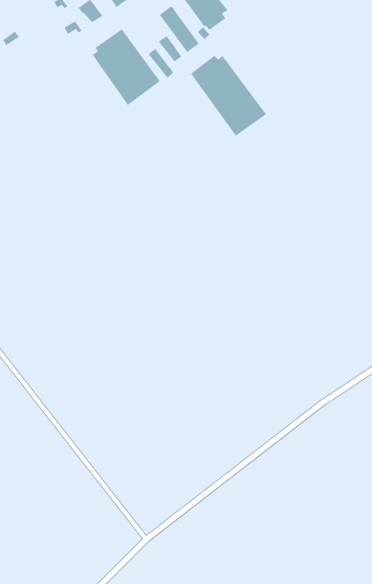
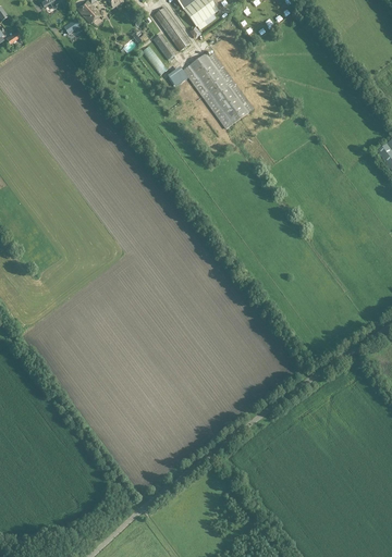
building: [92,29,160,106] -> none

